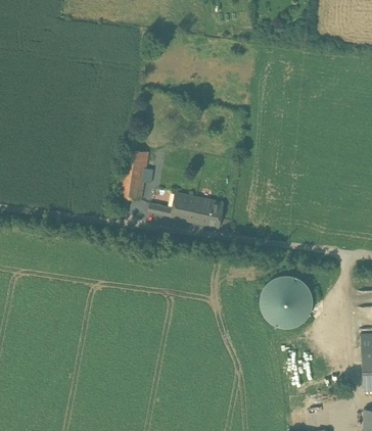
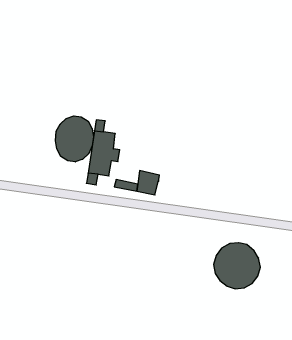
building: none -> [55,116,94,162]
building: [193,198,222,226] -> none

